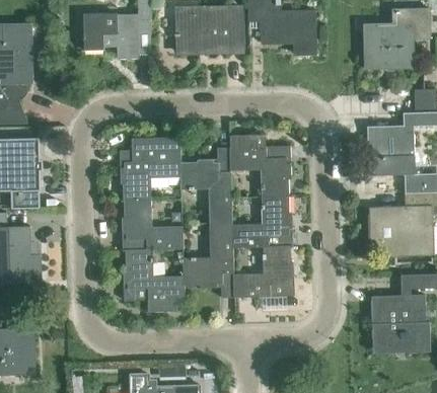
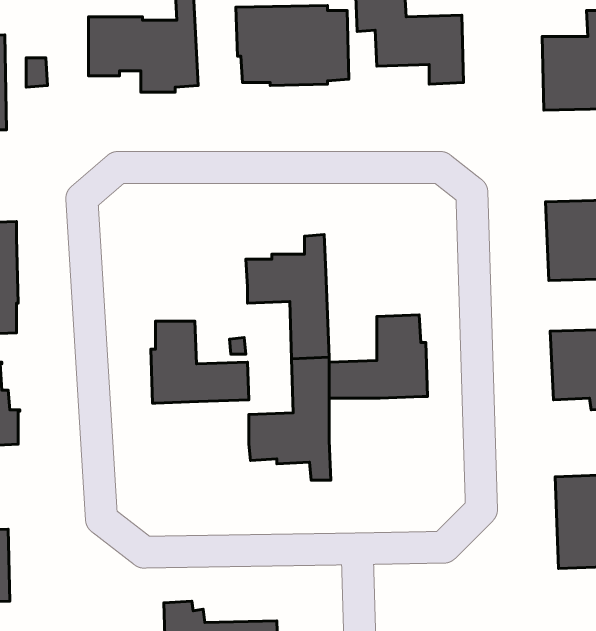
building: [229,134,290,198] -> none
building: [120,137,181,201] -> none
building: [232,247,294,299] -> none
building: [122,250,184,313] -> none

